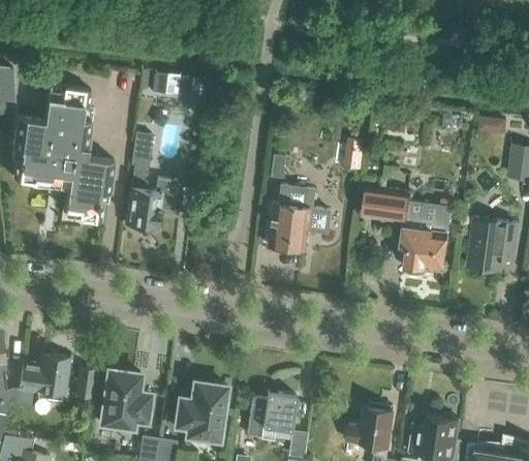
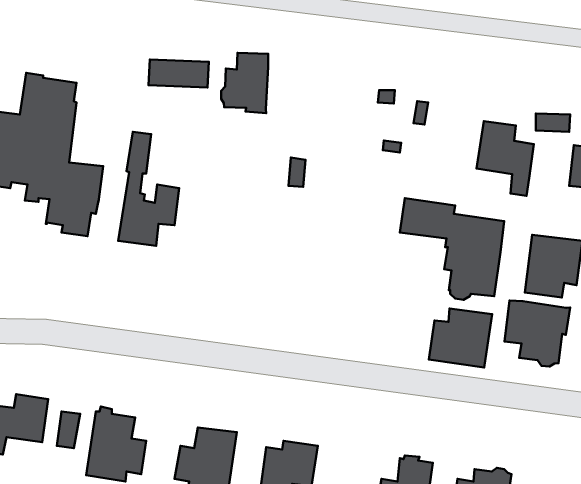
building: none -> [221,53,268,113]
building: none -> [477,121,534,196]
building: [268,185,331,250] -> none
building: none -> [504,300,570,367]
building: none -> [429,309,492,368]

